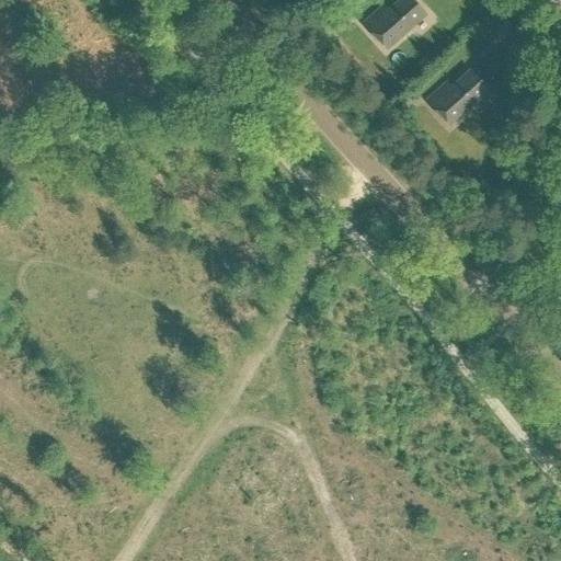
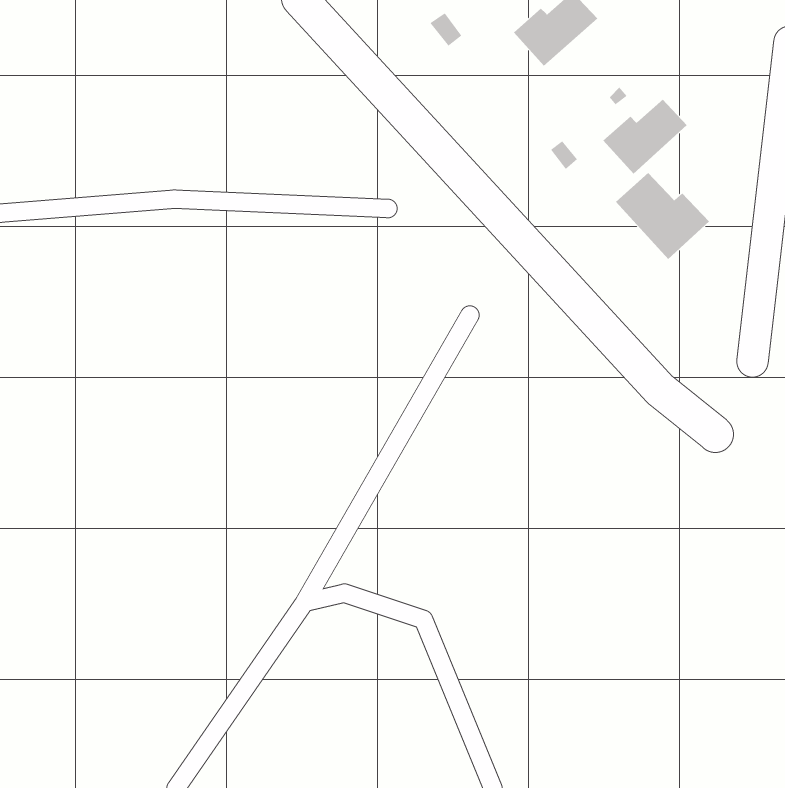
building: none -> [615,172,710,260]

